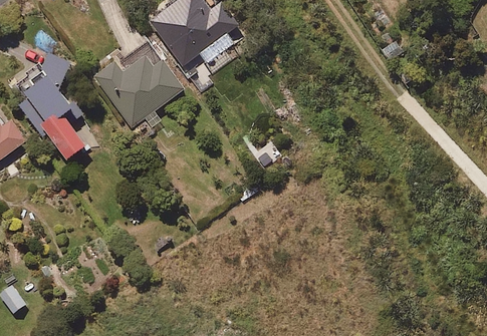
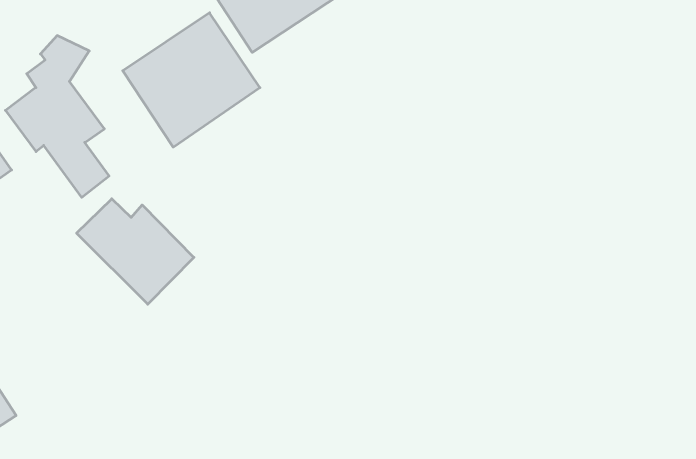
building: none -> [77,199,194,304]

